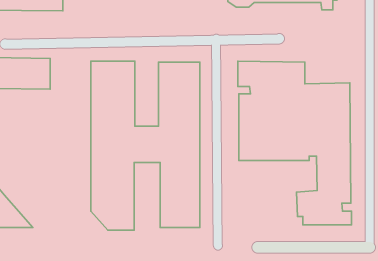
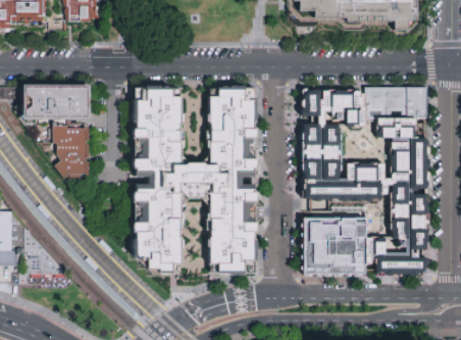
building: none -> [375,87,426,112]
building: none -> [50,125,87,177]
building: none -> [306,218,367,275]

